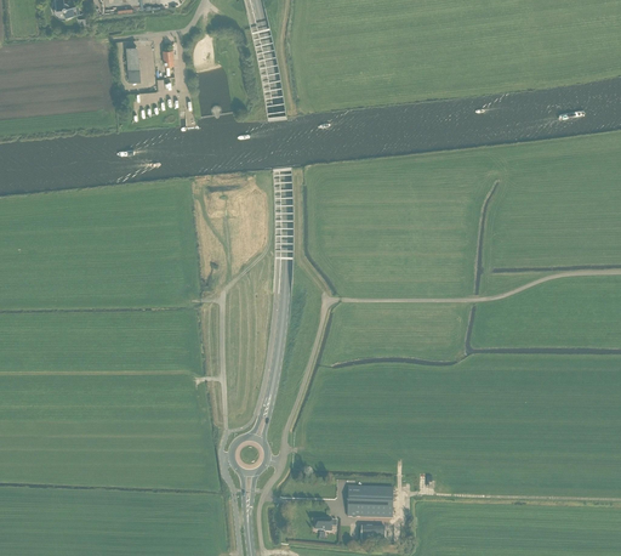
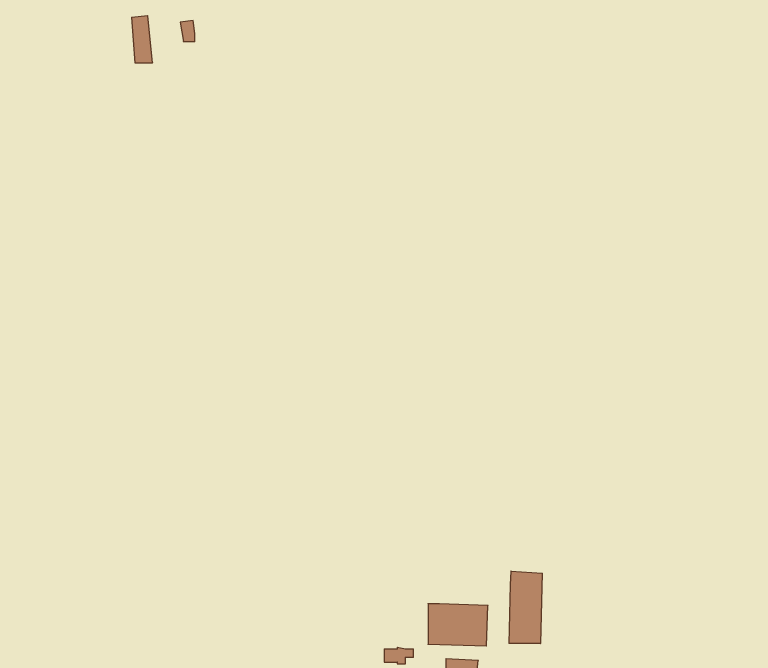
building: none -> [509,571,542,644]

